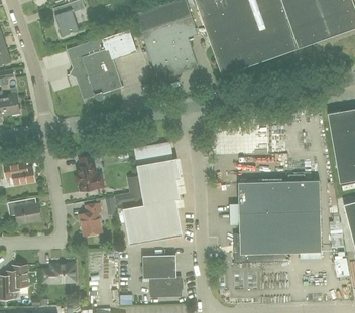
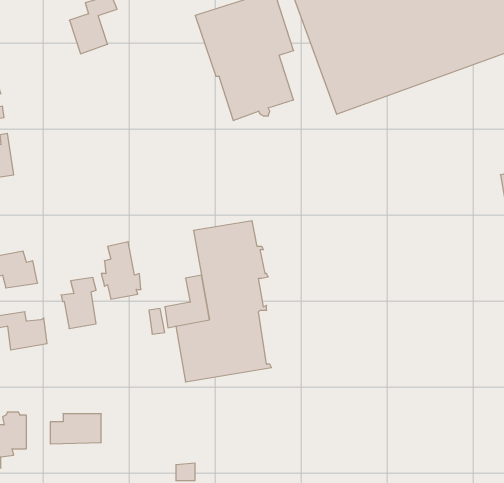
building: [67,28,136,99] -> none
building: [233,174,321,263] -> none
building: [79,203,101,236] -> [61,278,96,329]
building: [142,255,182,297] -> none

